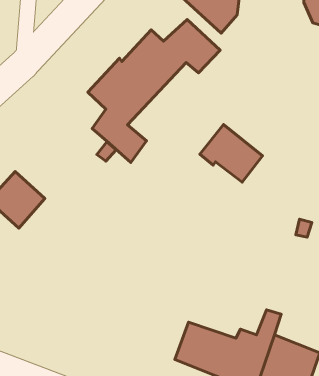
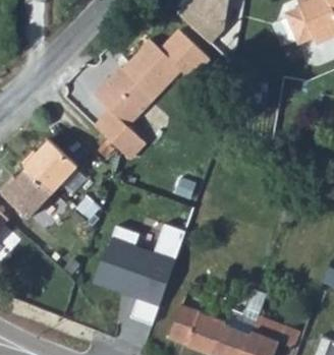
building: [200,124,262,182] -> none
building: none -> [22,140,78,193]
building: none -> [96,220,185,320]

